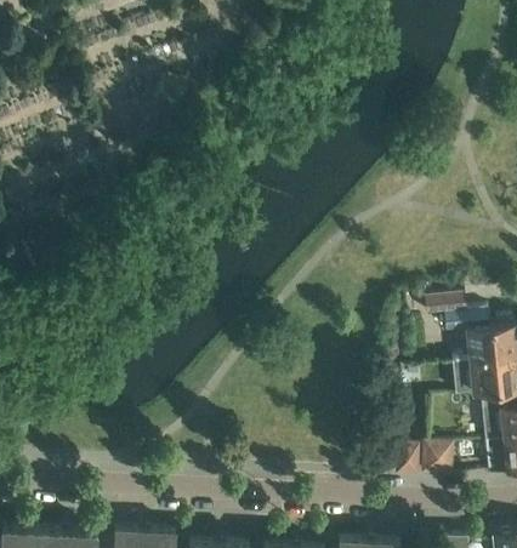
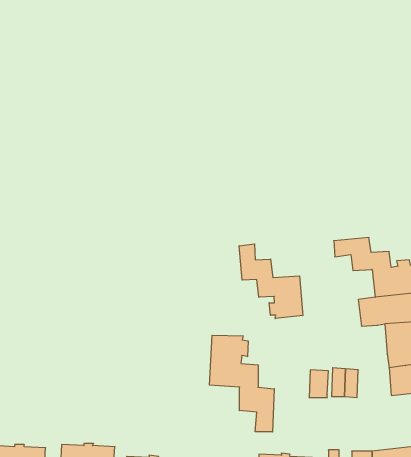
building: none -> [239,244,303,319]
building: none -> [210,335,274,432]

